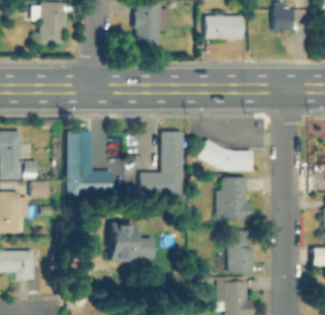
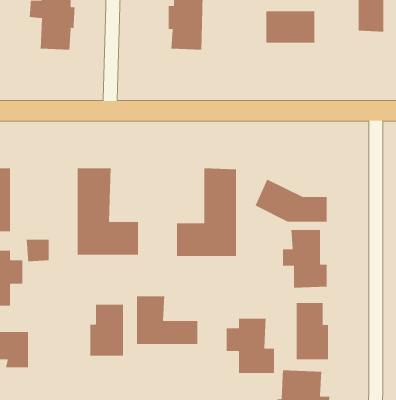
building: none -> [89,304,124,357]
building: none -> [226,318,275,374]

